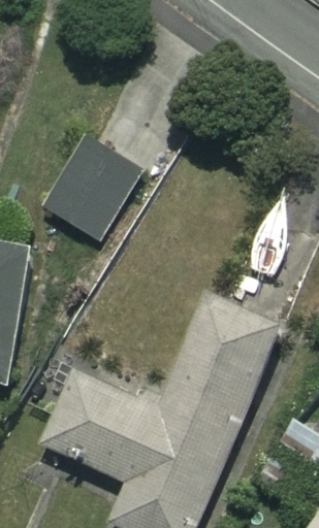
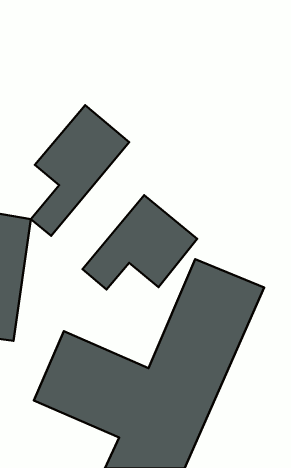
building: none -> [83,195,197,289]

